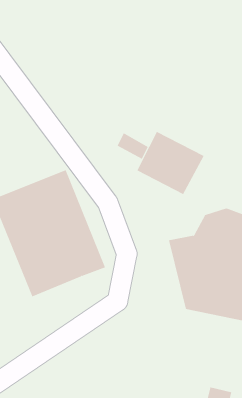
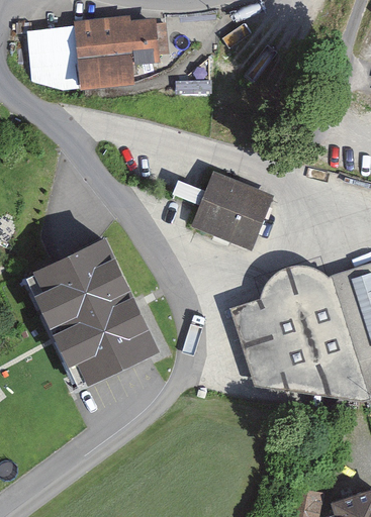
building: none -> [17,23,162,93]

